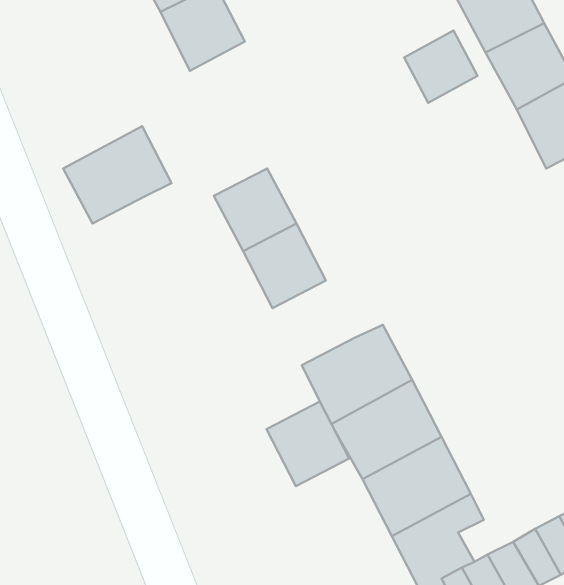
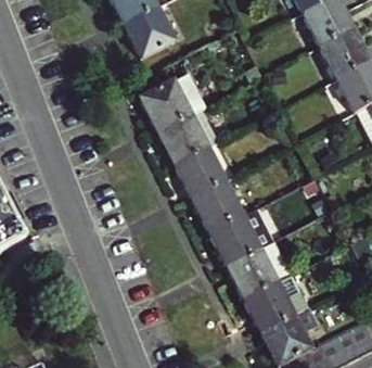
building: [404,30,478,103] -> none
building: [63,126,172,224] -> [139,71,203,128]
building: [266,401,349,486] -> [191,178,240,228]

